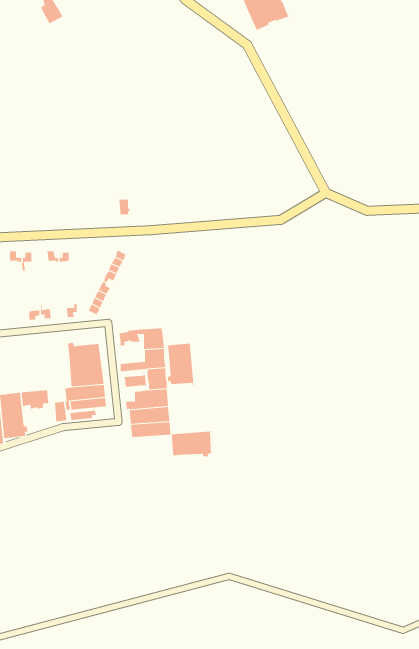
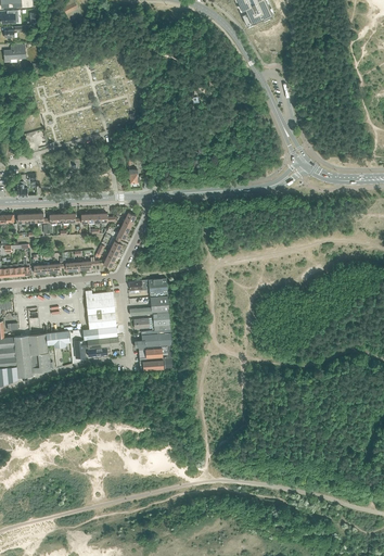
building: [167,343,194,387] -> none
building: [171,430,214,457] -> none

